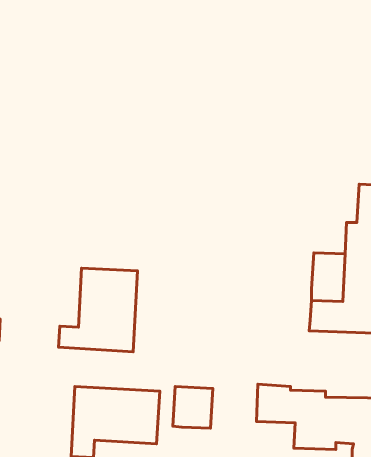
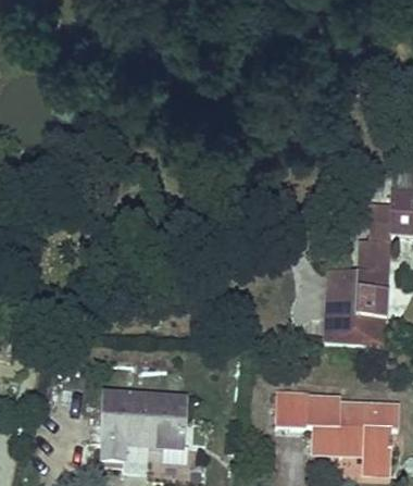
building: [59,268,138,352] -> none
building: [173,386,213,428] -> none

